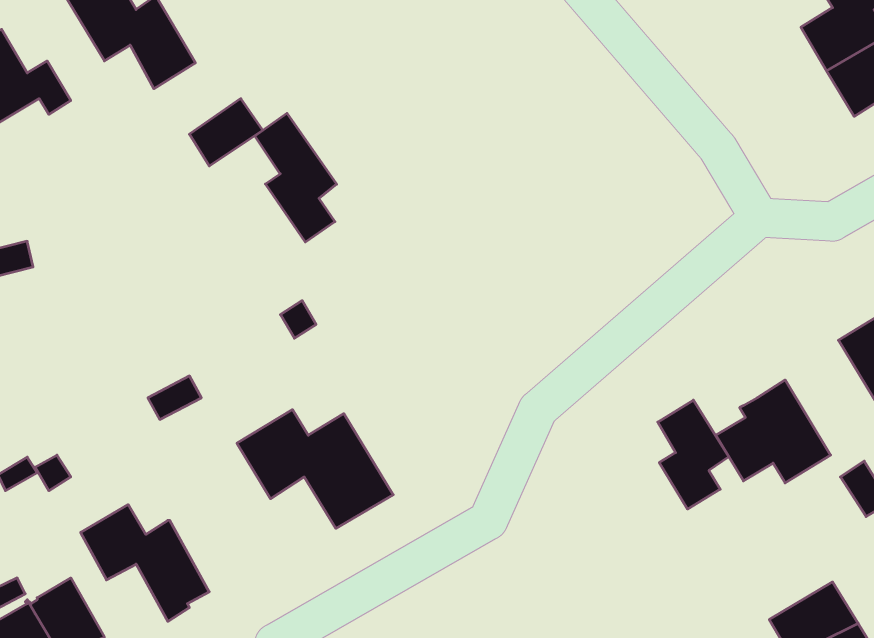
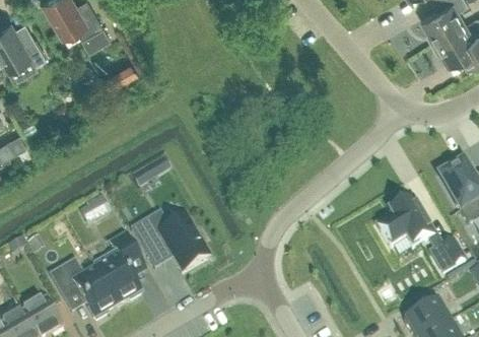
building: [255,113,337,242] -> none
building: [658,400,729,509] -> none
building: none -> [92,241,145,310]

